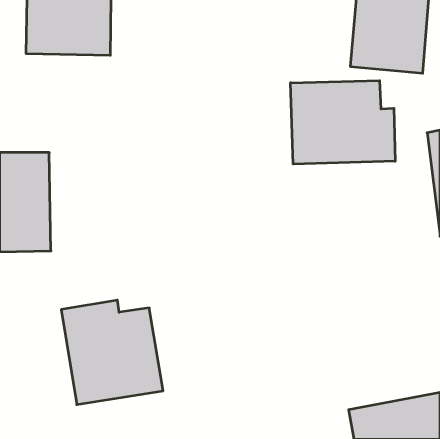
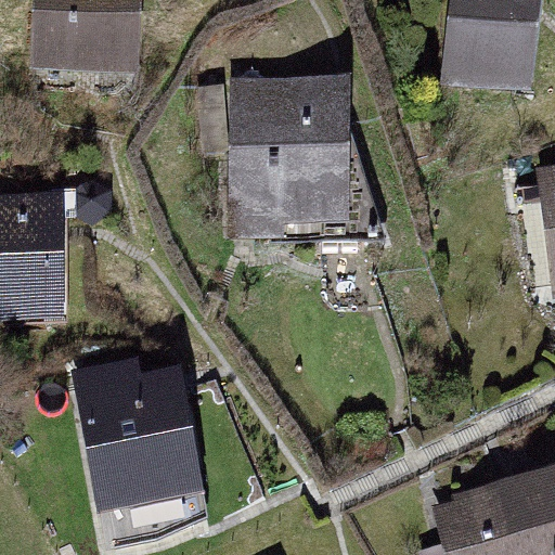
building: none -> [229,76,350,235]
building: [291,81,395,164] -> none

